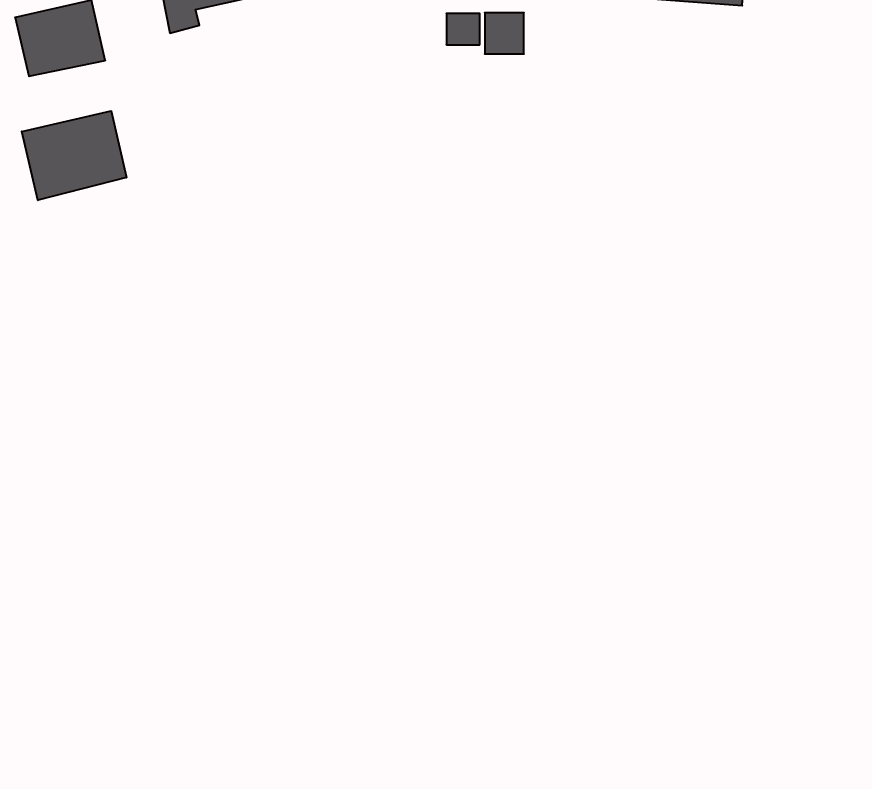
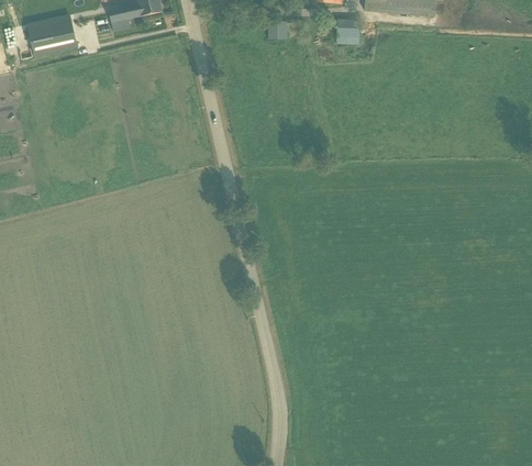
building: [485,13,524,54] -> [337,20,359,43]
building: [22,111,126,200] -> none

